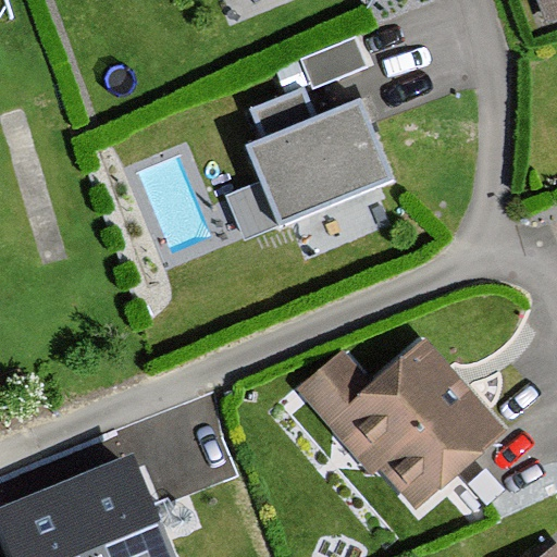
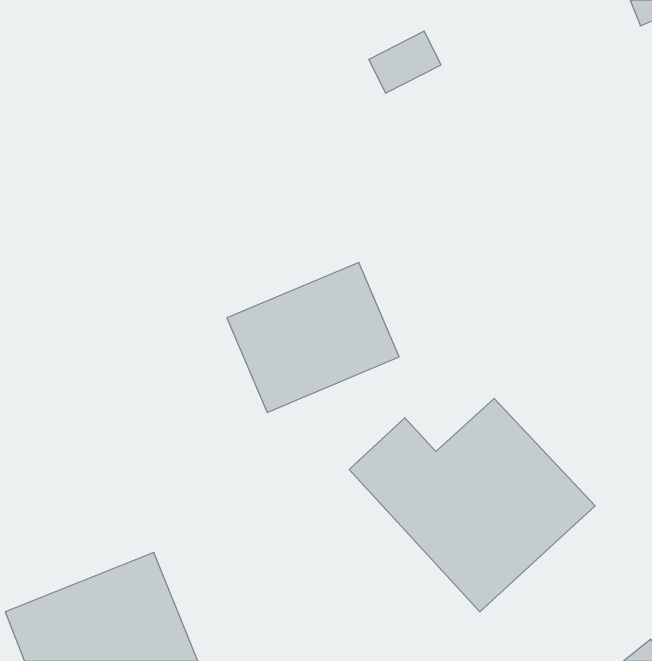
building: [238,100,383,226] -> [227,262,399,412]

